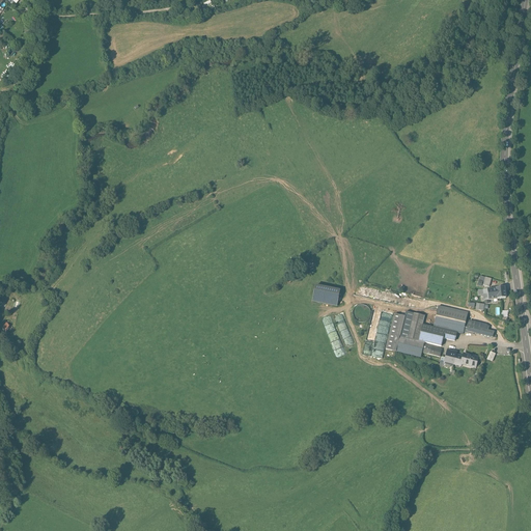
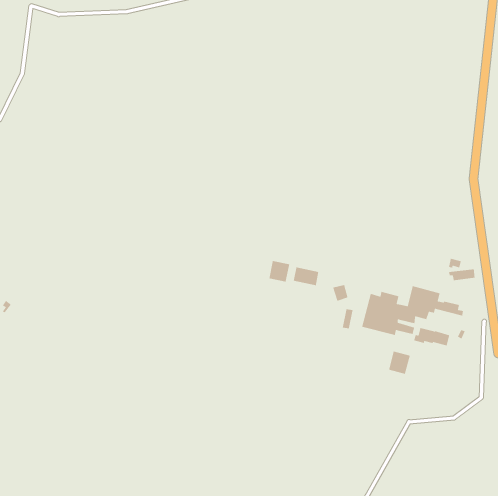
building: none -> [268,260,290,283]
building: none -> [388,350,411,375]

